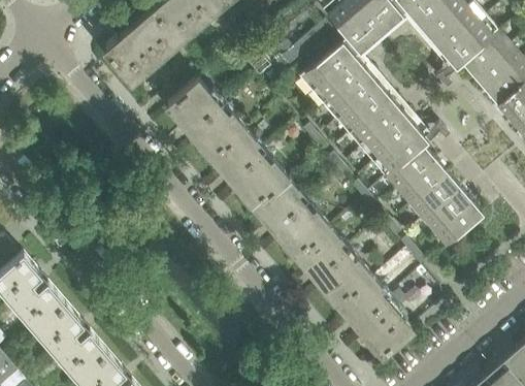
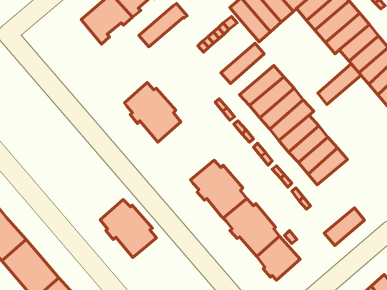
building: [106,27,162,83] -> none
building: [300,39,361,94] -> [139,3,187,47]
building: [325,70,380,122] -> [318,64,361,105]
building: [169,81,220,132] -> none
building: [233,156,304,229] -> [100,200,157,258]
building: [434,203,485,251] -> [324,208,364,245]

